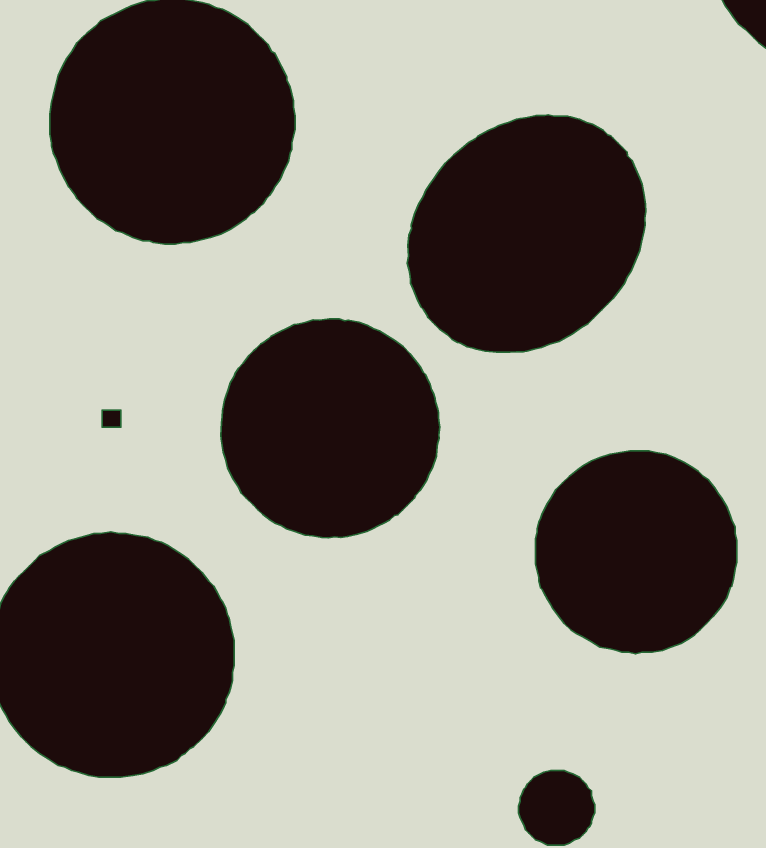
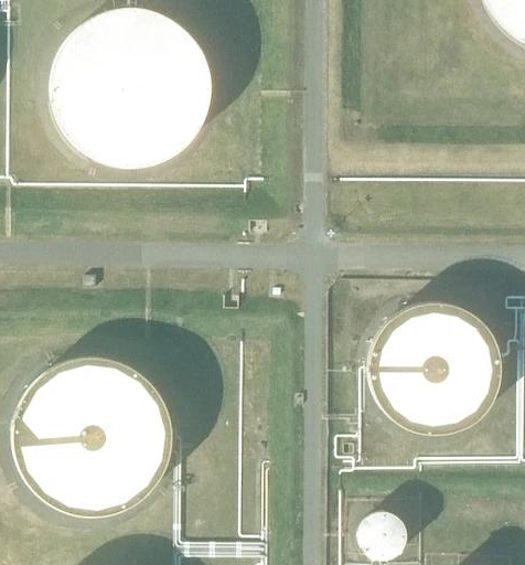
building: [407,115,646,352] -> none
building: [221,319,440,538] -> none

